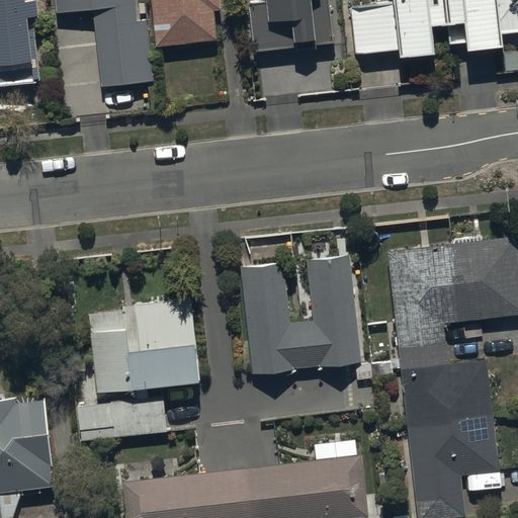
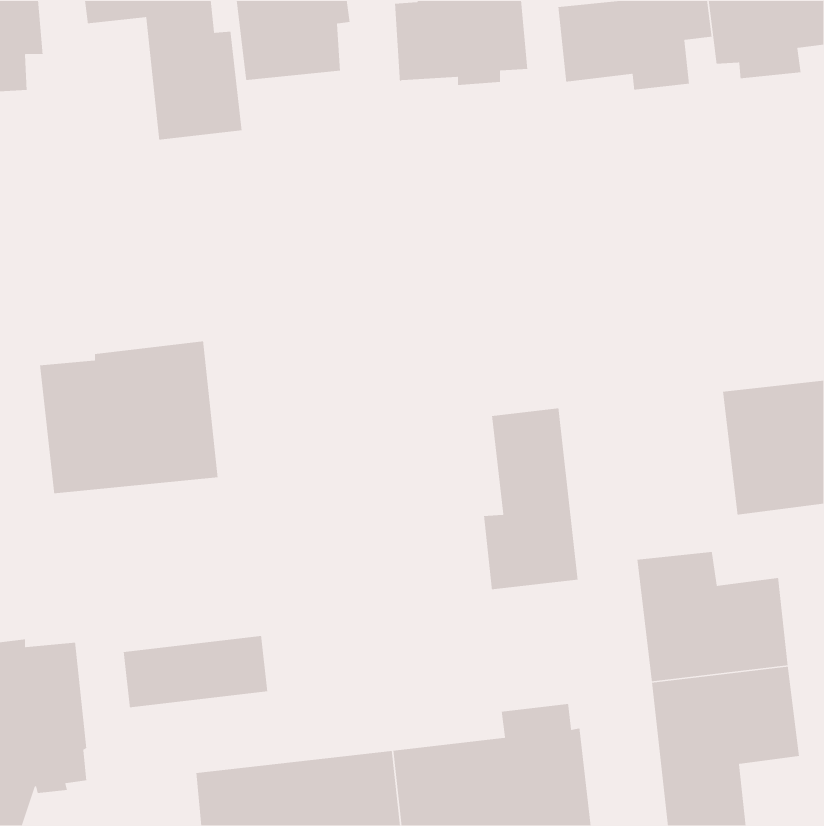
building: [387,245,461,350] -> none
building: [242,264,308,374] -> none
building: [89,299,201,396] -> [39,341,218,494]

